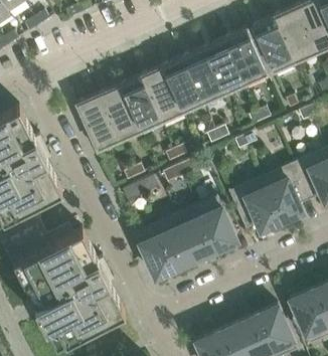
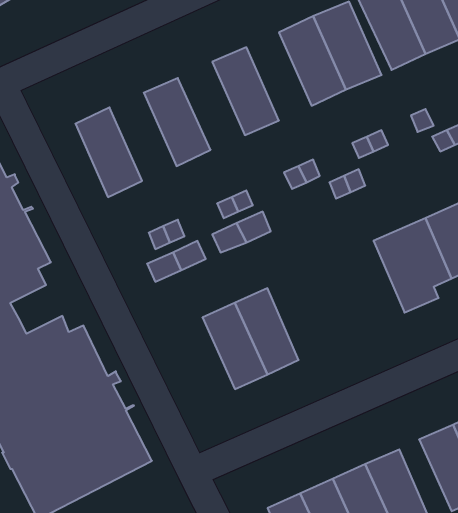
building: [183,47,223,102] -> none
building: [141,65,182,120] -> none
building: [99,84,140,139] -> none
building: [228,176,281,229] -> none
building: [196,196,236,249] -> none
building: [135,223,176,277] -> none

